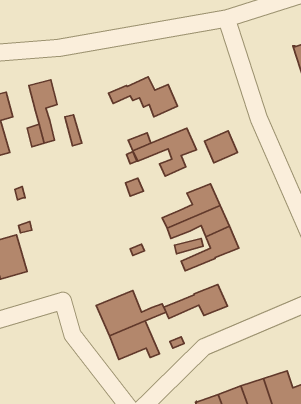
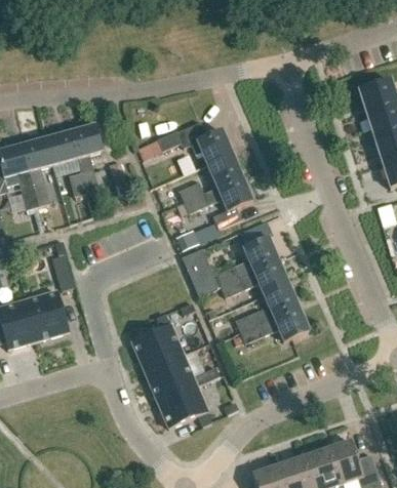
building: none -> [46,129,78,163]
building: [204,131,238,163] -> [206,152,242,187]
building: none -> [182,247,217,293]
building: none -> [132,323,184,368]
building: [164,284,227,318] -> [240,306,309,342]

